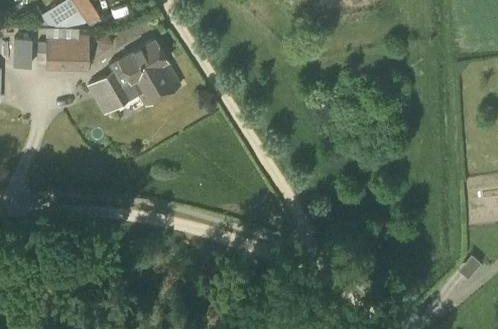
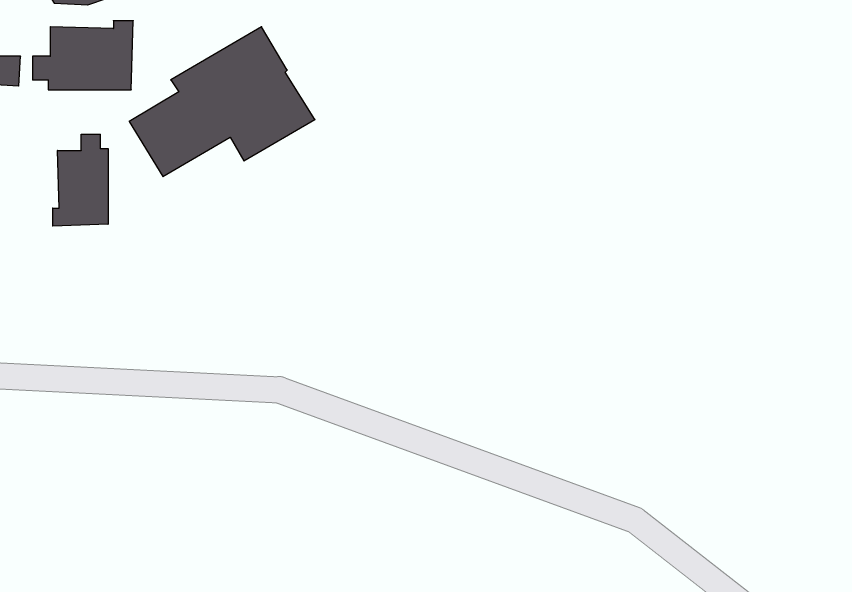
building: none -> [53,134,108,226]

